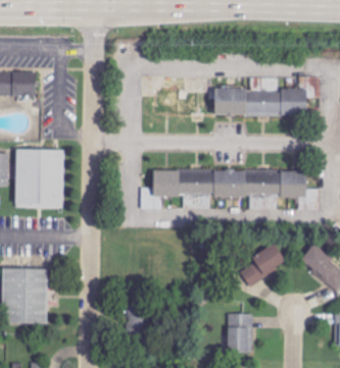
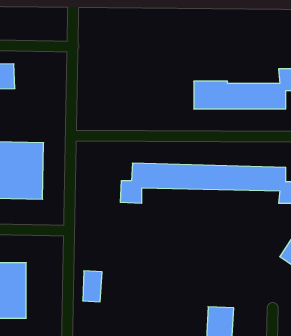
building: [241,243,287,285] -> none
building: [128,301,147,331] -> [83,271,102,302]

